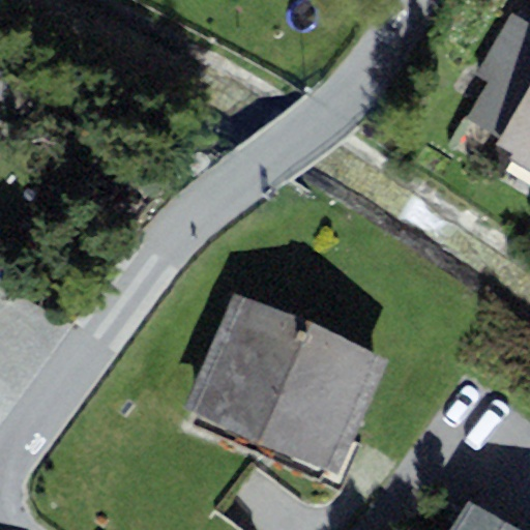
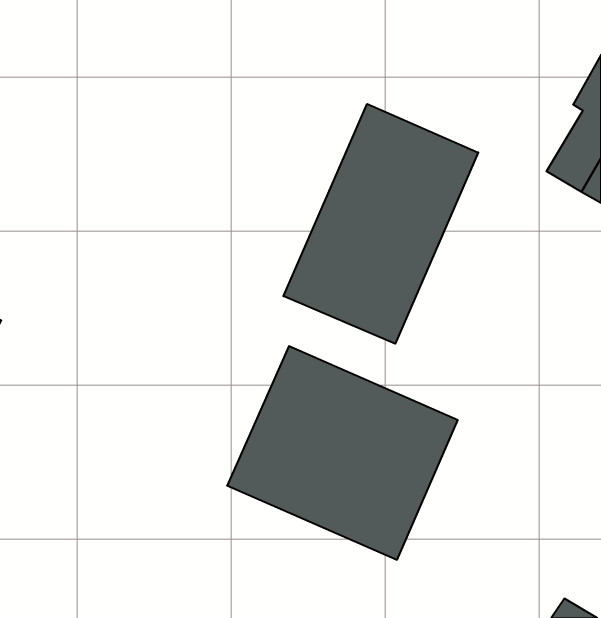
building: none -> [283,104,478,344]

